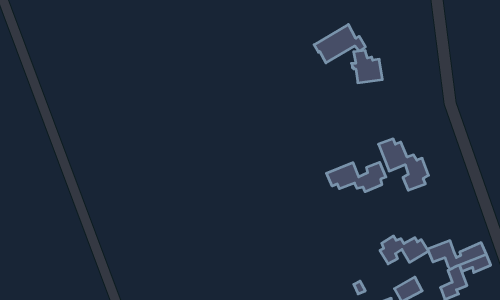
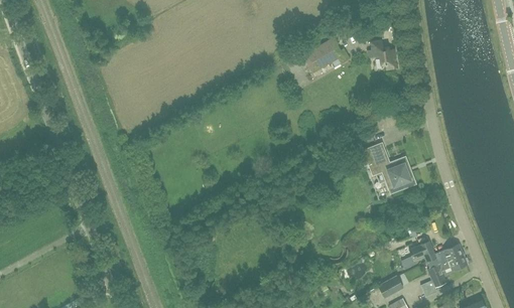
building: [351,51,382,83] -> [369,40,398,70]
building: [326,162,386,192] -> none
building: [380,236,429,264] -> none

